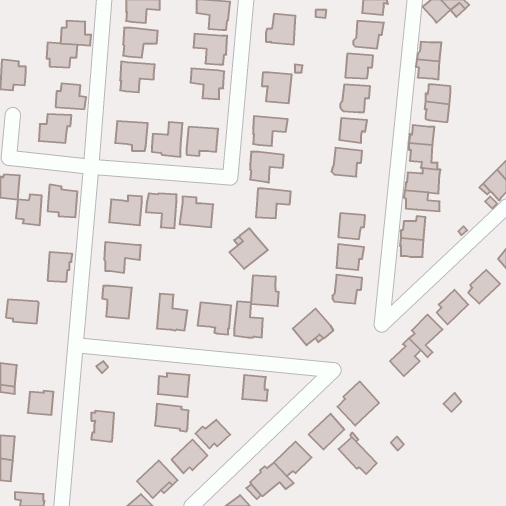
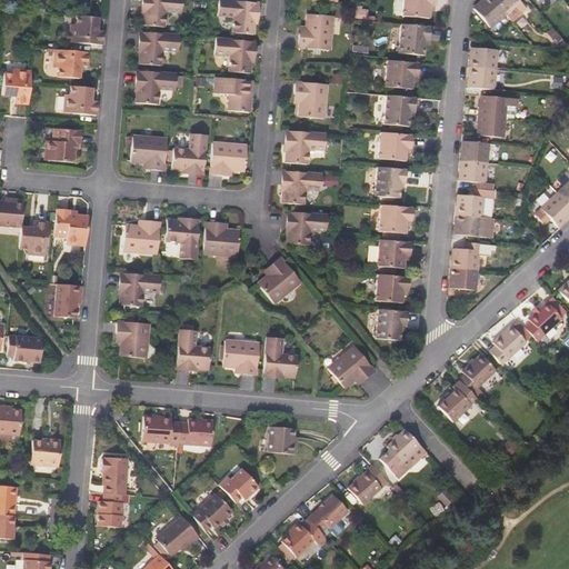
building: none -> [382,204,411,232]
building: [251,275,279,306] -> none
building: [155,404,189,431] -> [141,413,179,445]
building: [338,437,377,474] -> none
building: none -> [99,492,124,527]

